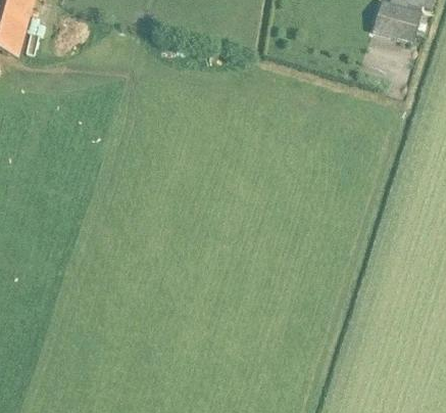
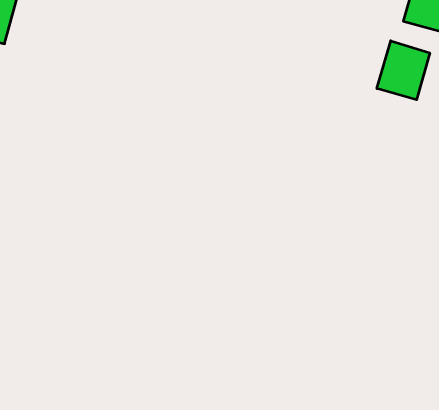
building: none -> [377,41,430,100]

